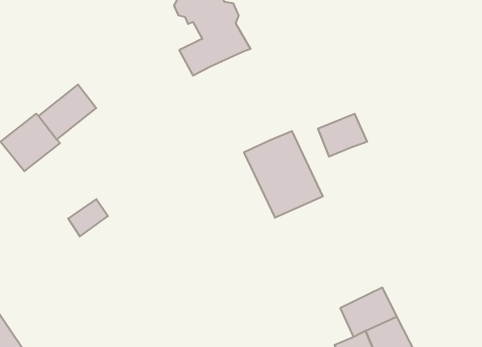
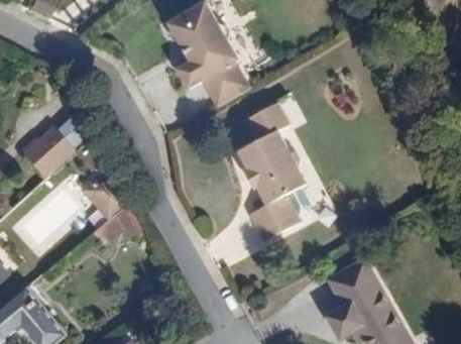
building: none -> [203,62,247,103]
building: [318,114,367,157] -> [247,99,291,137]
building: none -> [249,194,301,239]

